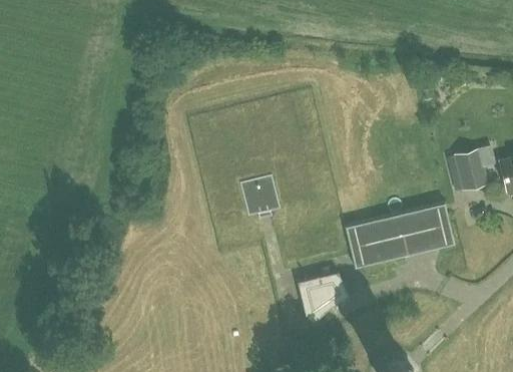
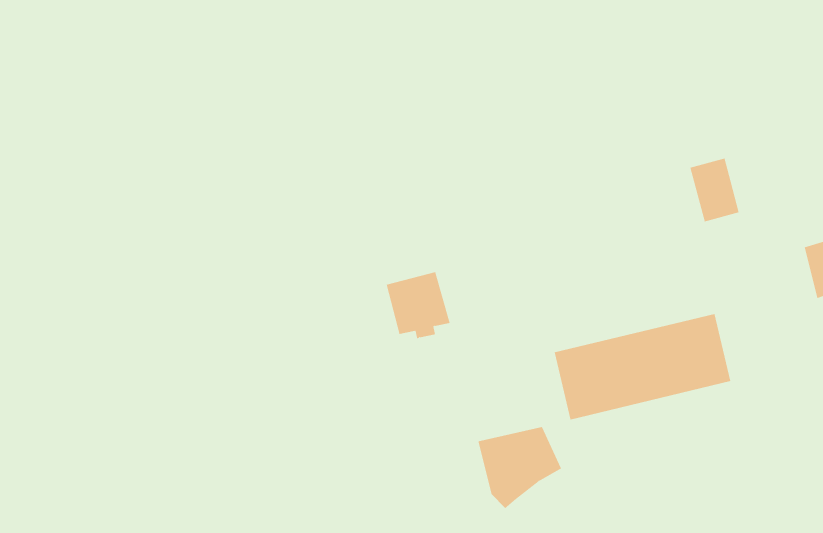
building: [456,149,487,190] -> [690,158,740,222]

